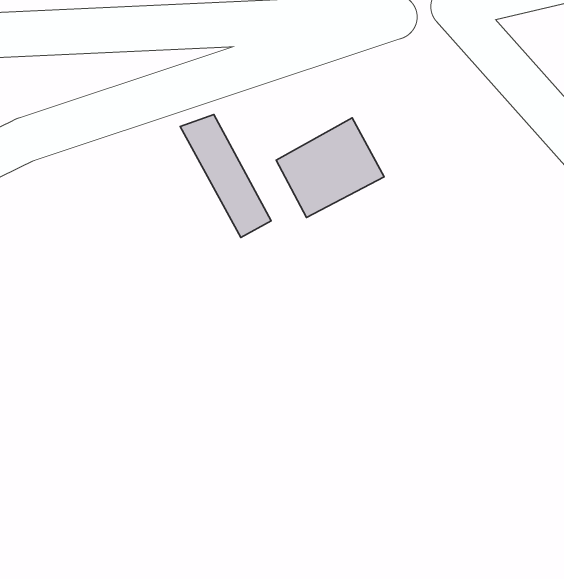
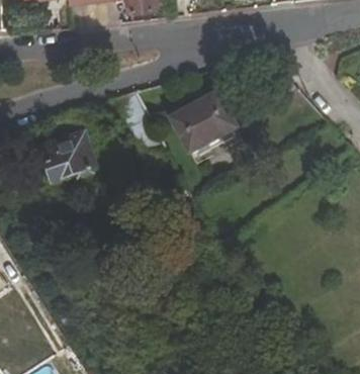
building: none -> [42,130,97,182]

